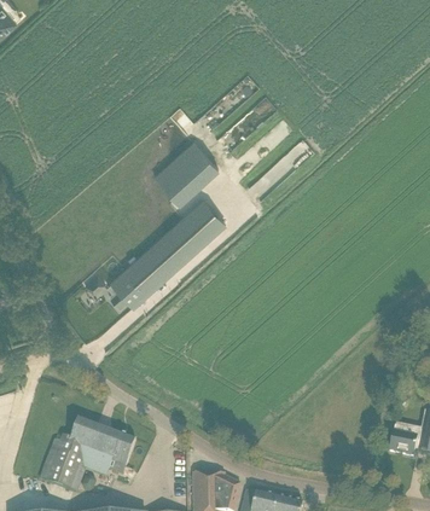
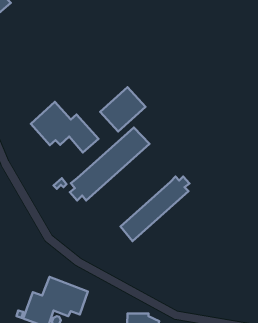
building: none -> [31,102,98,153]
building: none -> [120,176,189,241]

